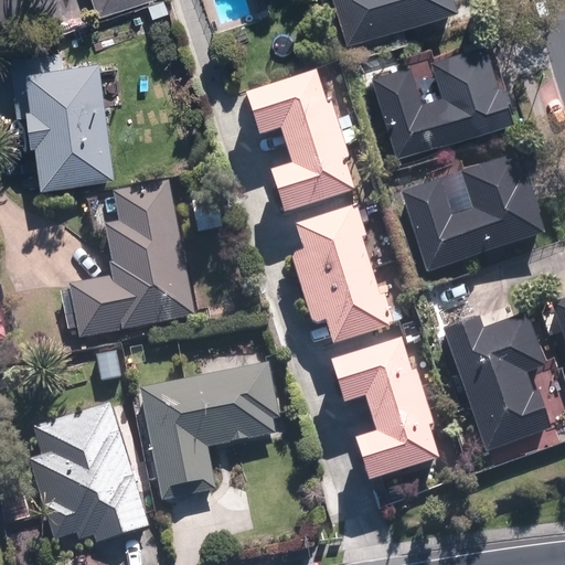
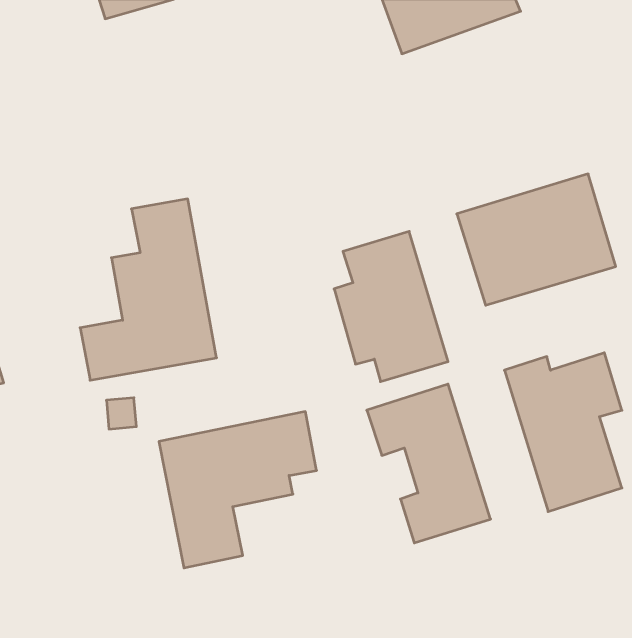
building: [370,38,511,153] -> none
building: [7,50,110,185] -> none
building: [248,71,358,211] -> none
building: [31,404,145,539] -> none

